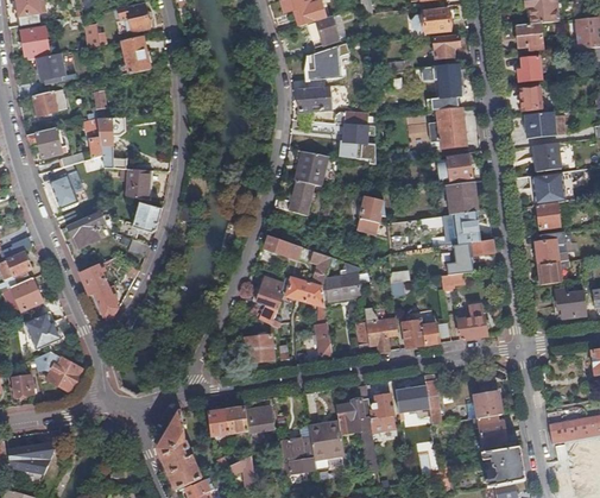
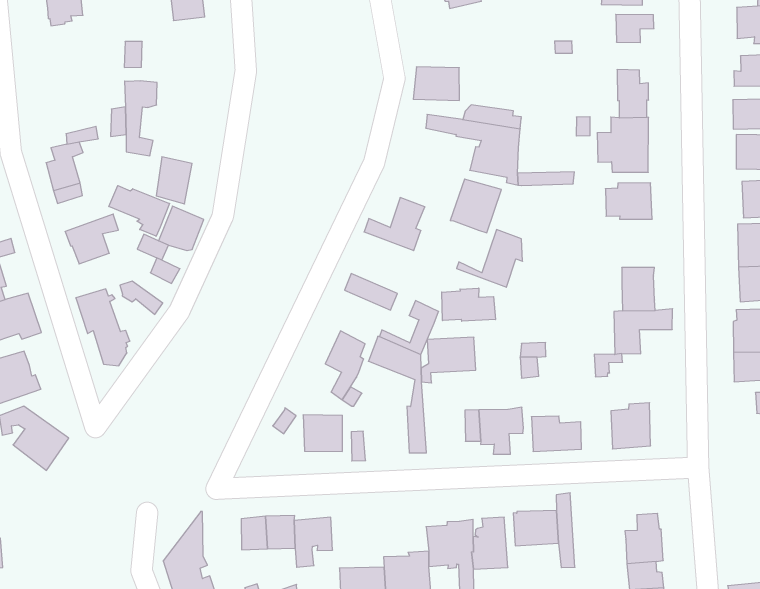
building: [305,43,350,81] -> none
building: [33,88,67,114] -> none
building: [26,127,67,156] -> none
building: [293,150,327,185] -> [450,179,501,233]
building: [447,181,476,214] -> none
building: none -> [109,186,170,236]
building: none -> [442,288,495,321]

